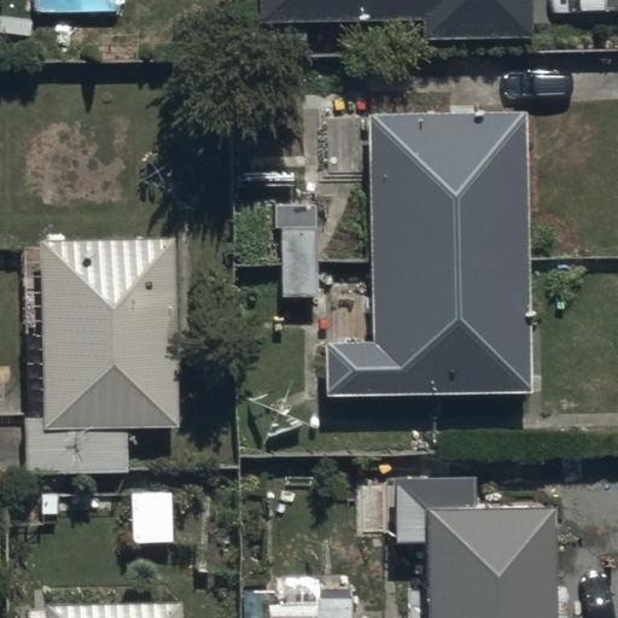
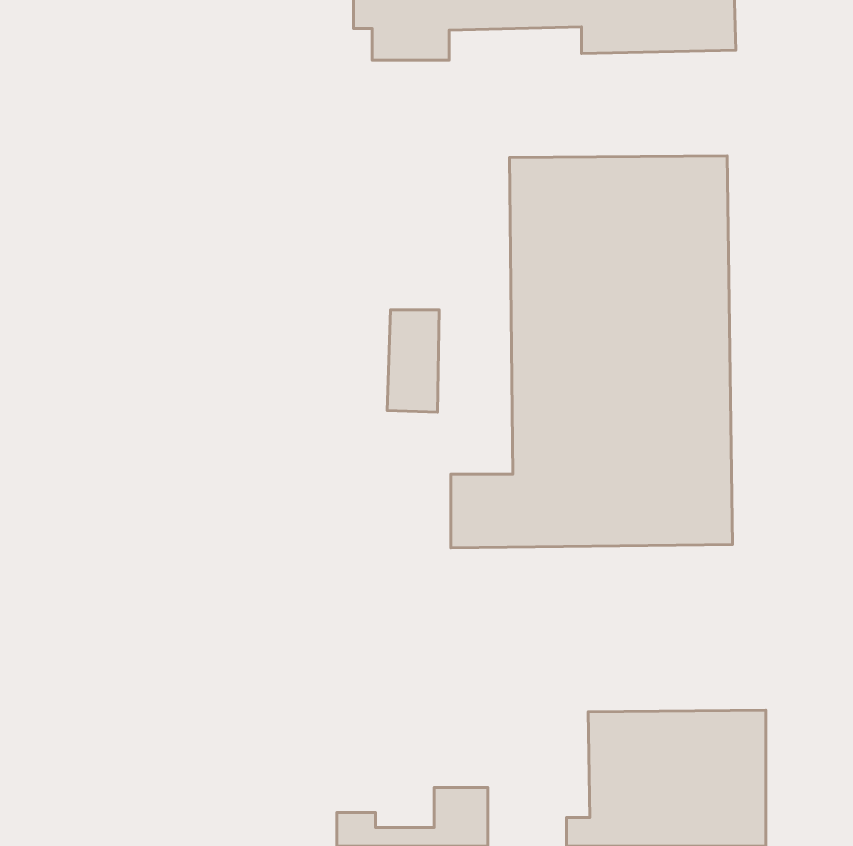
building: [28,240,176,471] -> none

